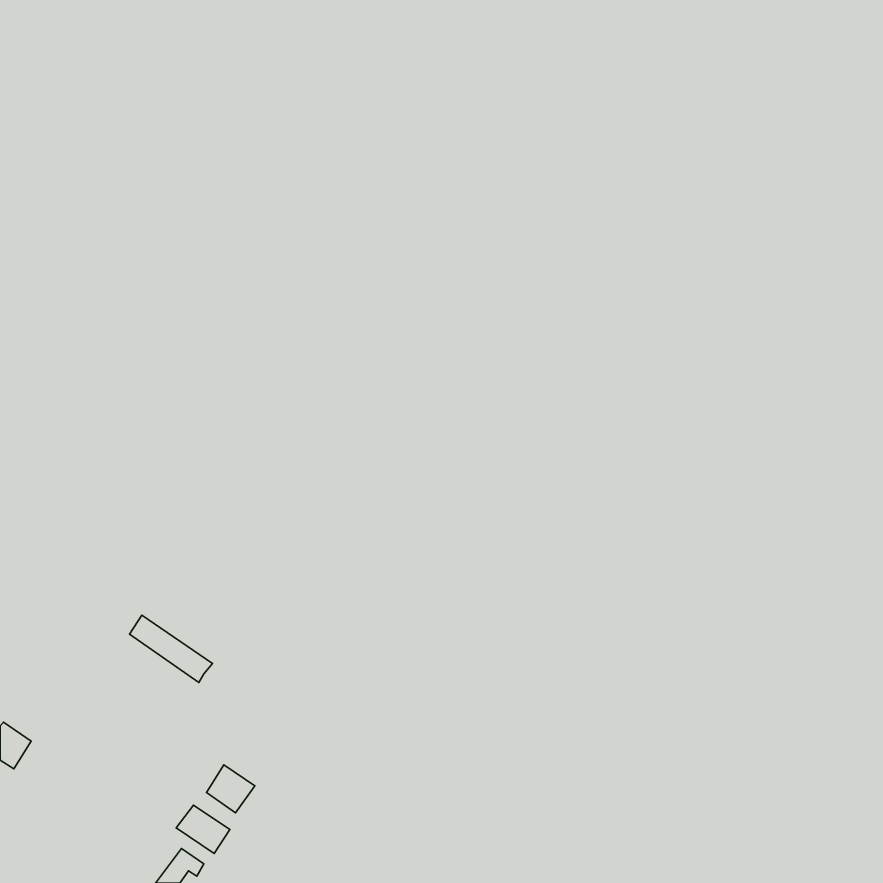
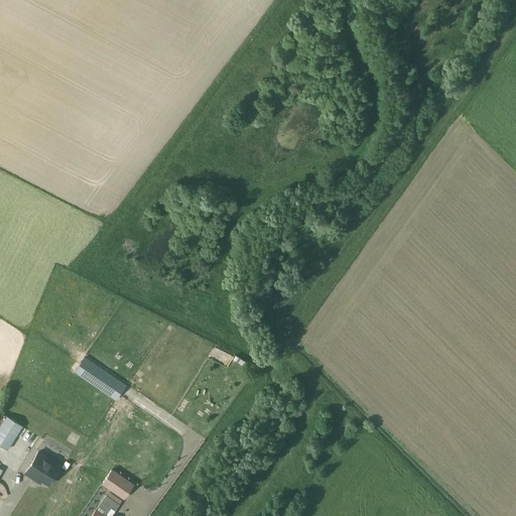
building: [207,765,255,813] -> none
building: none -> [25,452,70,484]

